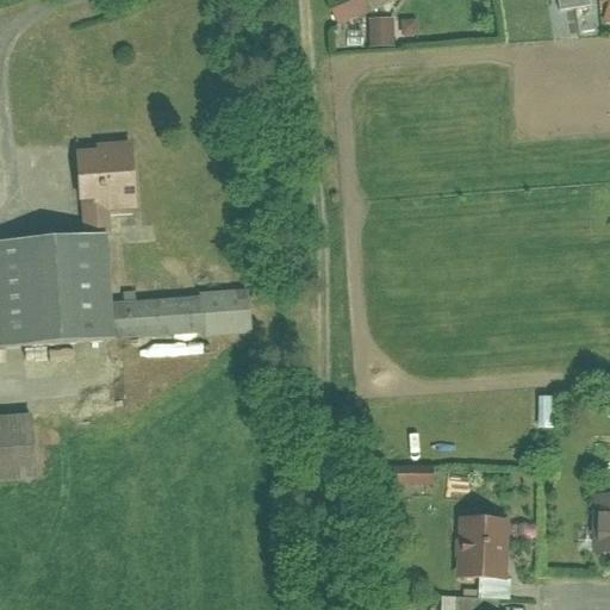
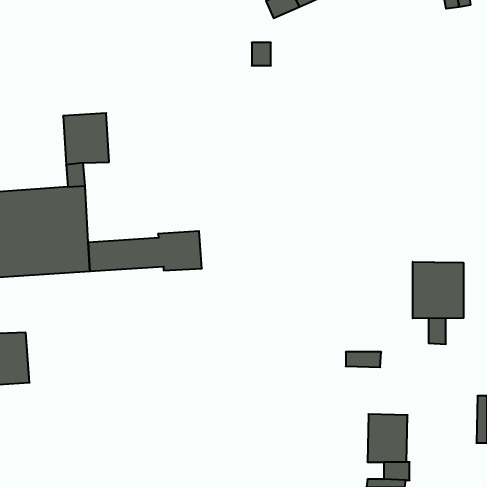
building: [369,15,393,44] -> [252,43,271,66]
building: none -> [413,262,463,318]
building: [391,465,435,484] -> [346,352,381,367]

